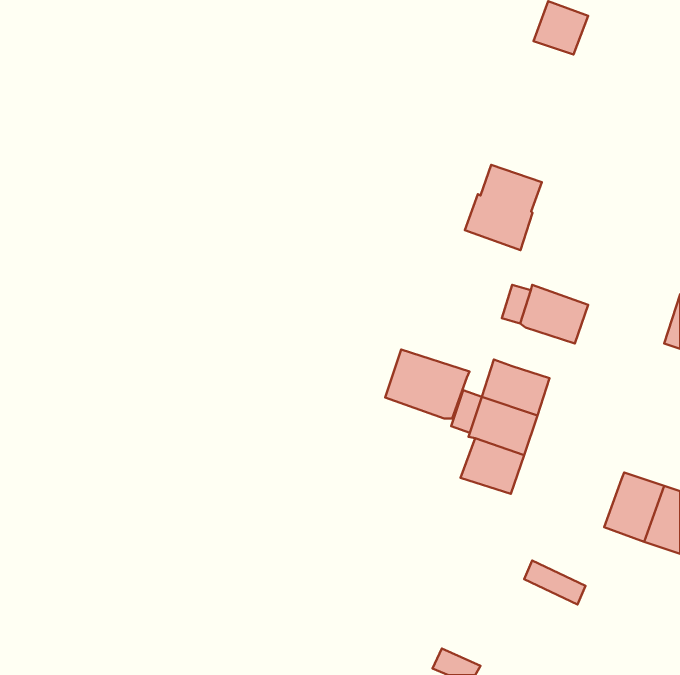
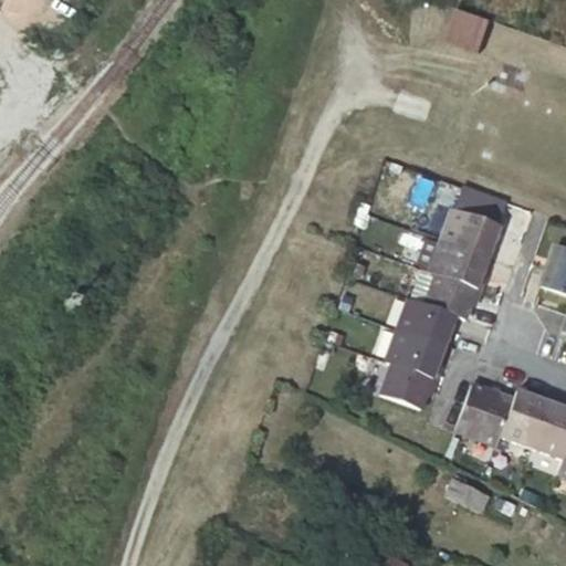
building: [465,165,542,250] -> [442,182,506,253]
building: none -> [426,272,478,317]
building: [385,350,469,418] -> none
building: none -> [459,384,516,447]

